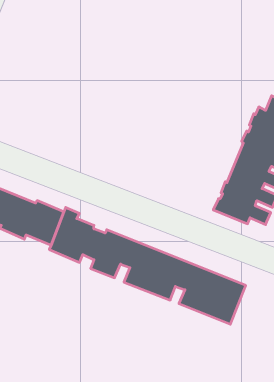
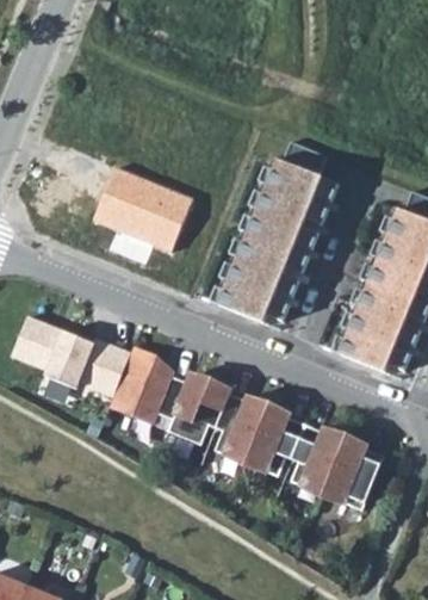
building: none -> [217,141,345,318]
building: none -> [91,168,185,249]

